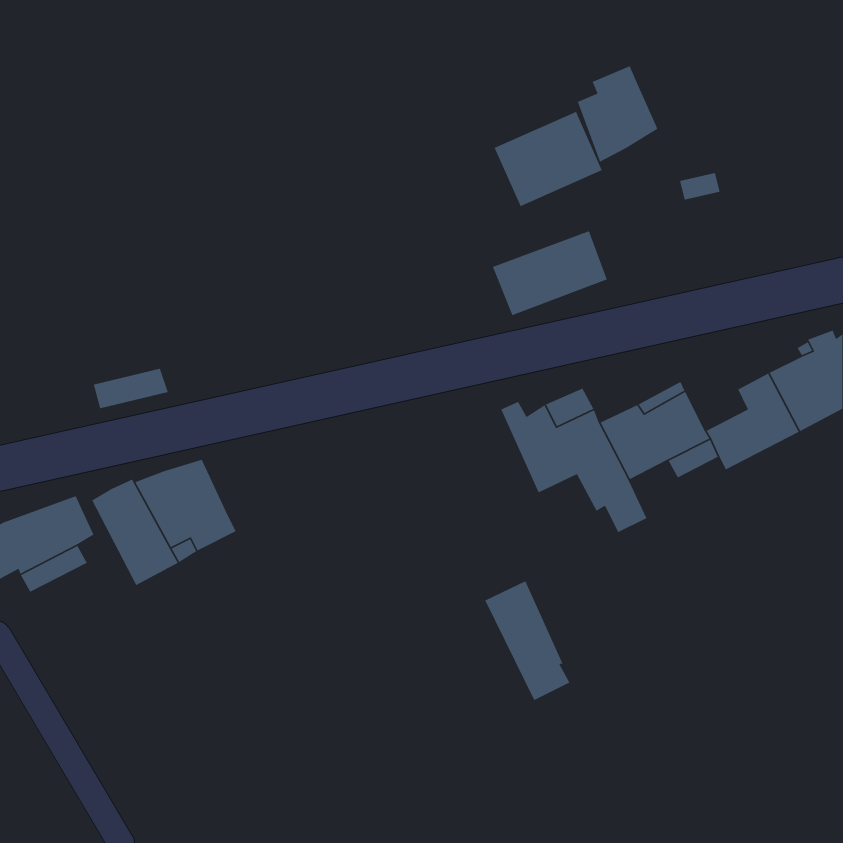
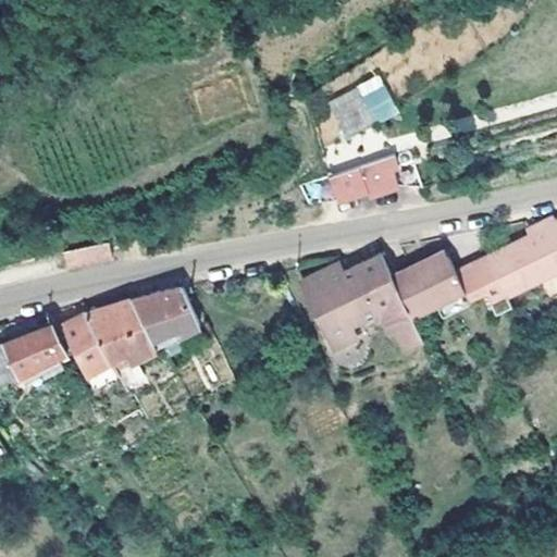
building: [577,65,658,163] -> none
building: none -> [134,289,200,338]
building: [484,580,570,701] -> [301,269,358,348]

